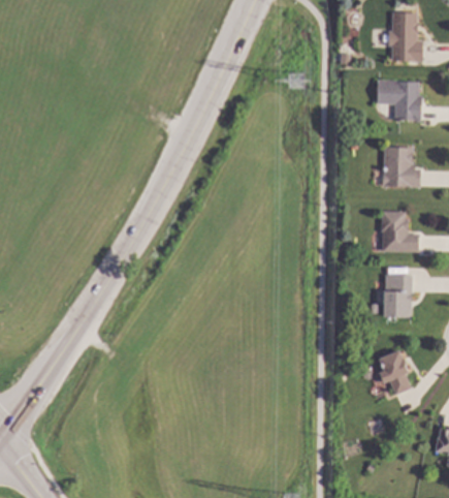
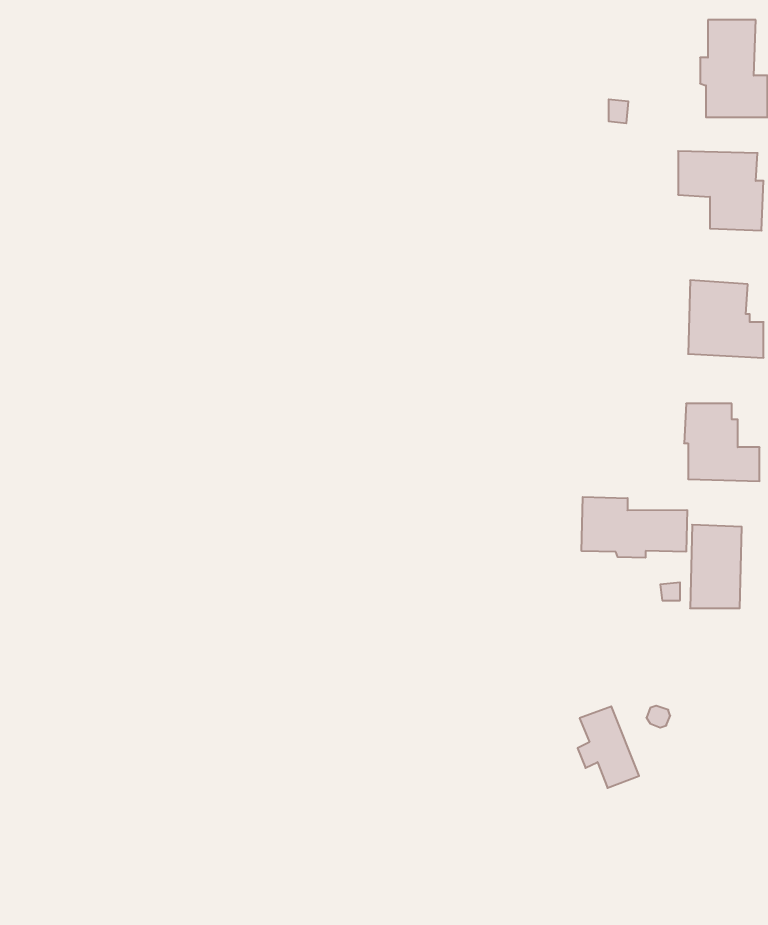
building: none -> [582,497,687,558]
building: [378,351,410,394] -> [578,706,639,788]

